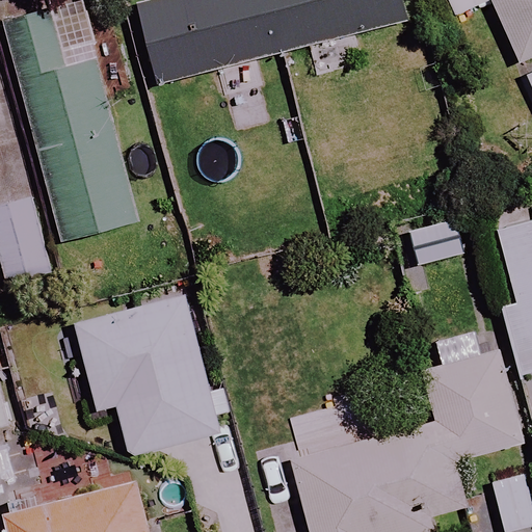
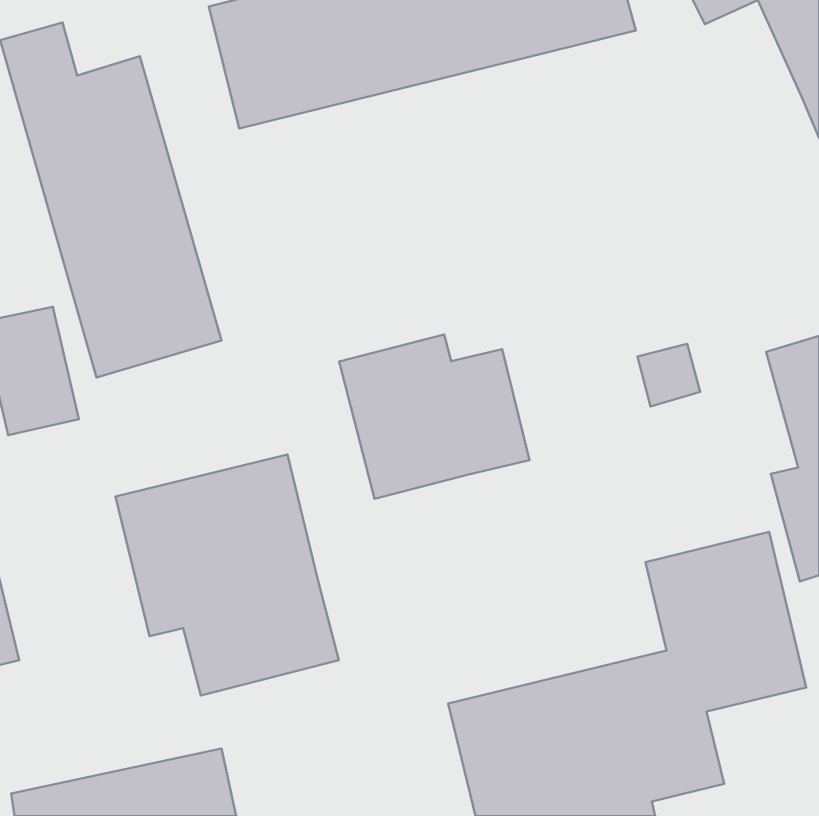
building: none -> [339,334,529,499]

